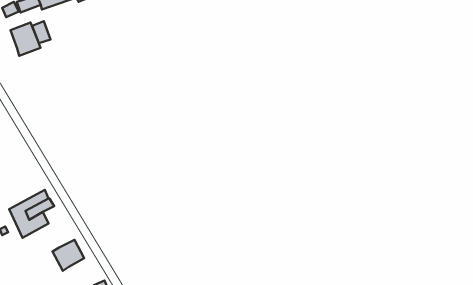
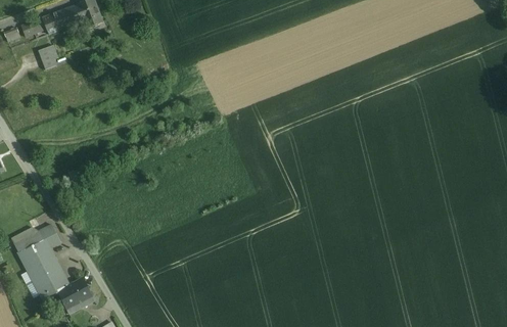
building: [11,23,40,56] -> none
building: none -> [29,260,79,315]

